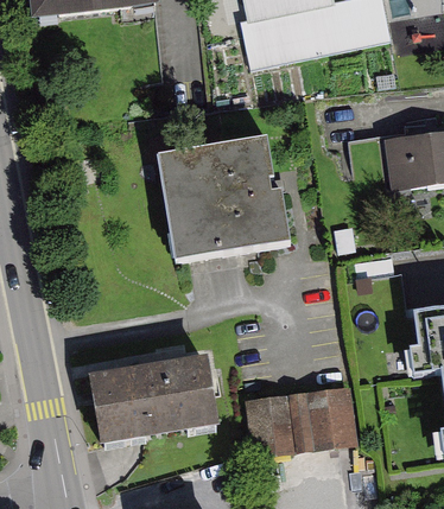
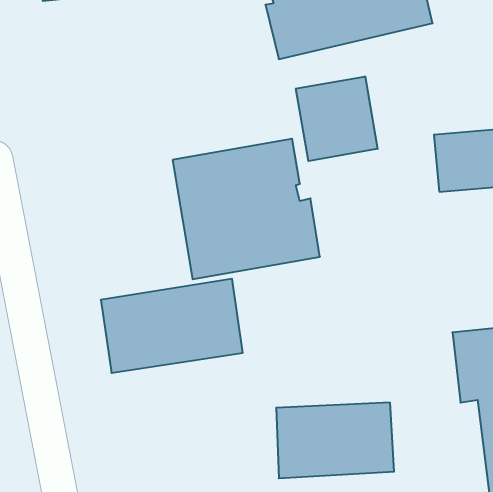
building: none -> [296,76,378,161]
building: [90,361,217,445] -> [101,279,243,373]

